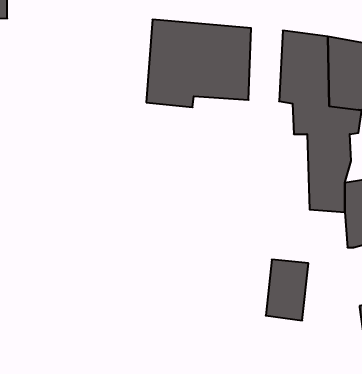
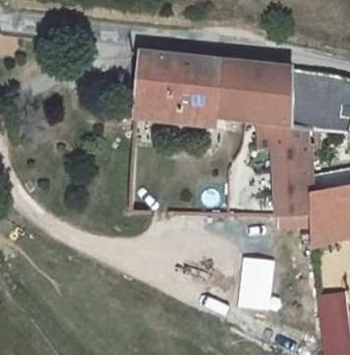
building: none -> [223,59,252,121]

